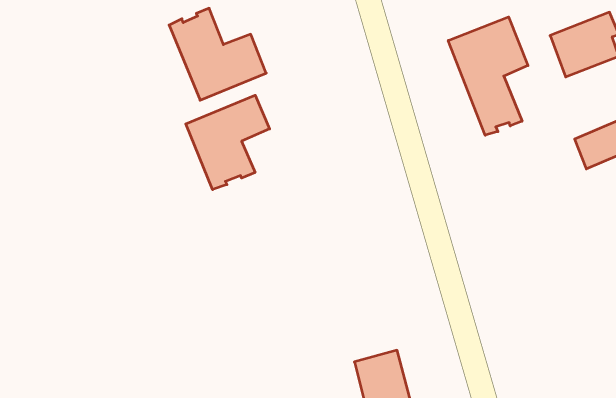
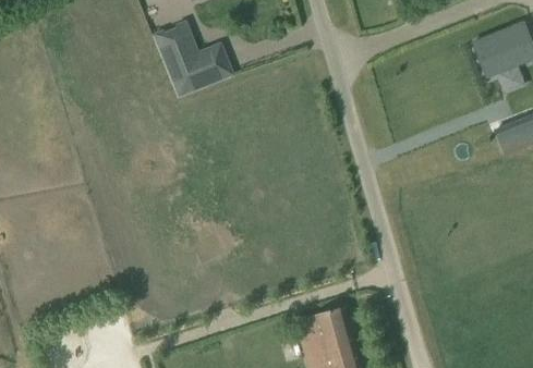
building: [448,17,528,135] -> none
building: [186,95,270,190] -> none

